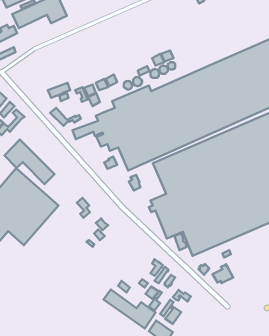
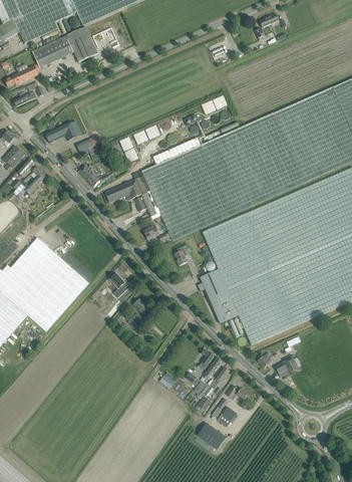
building: none -> [45,119,81,142]
building: [4,140,54,184] -> none
building: [104,290,156,328] -> none

